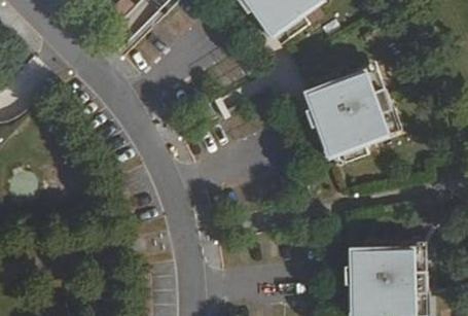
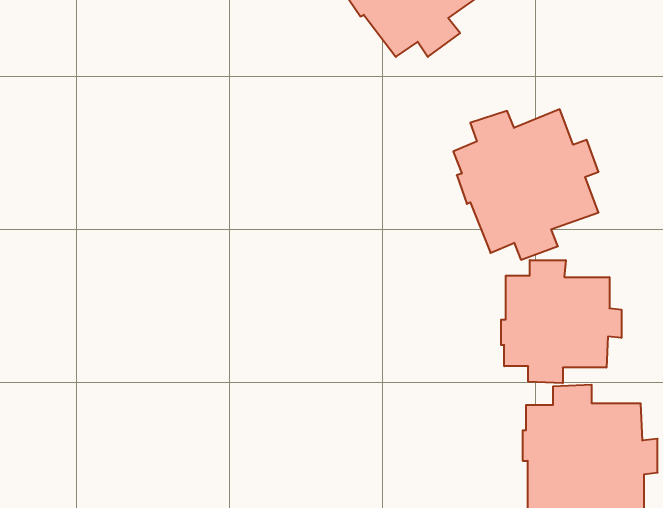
building: none -> [501,260,621,383]

